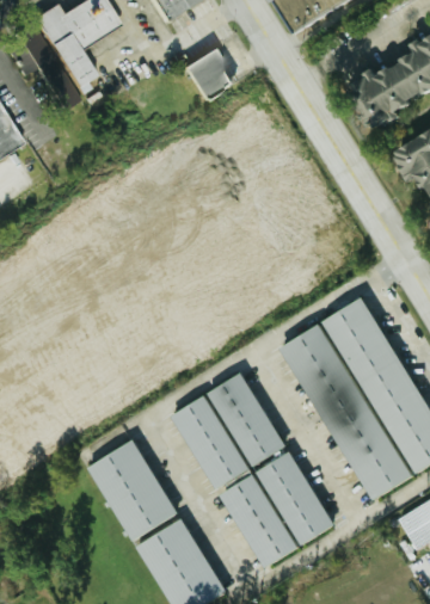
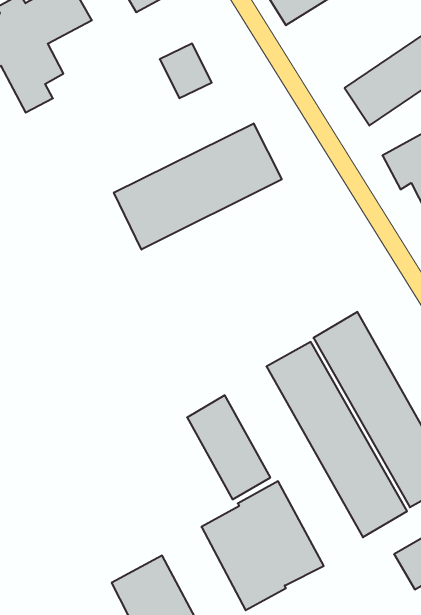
building: none -> [114,123,282,250]
building: [172,395,247,489] -> none
building: [88,439,177,541] -> none

